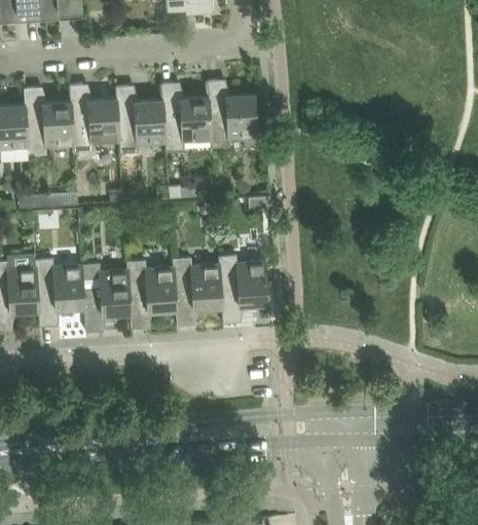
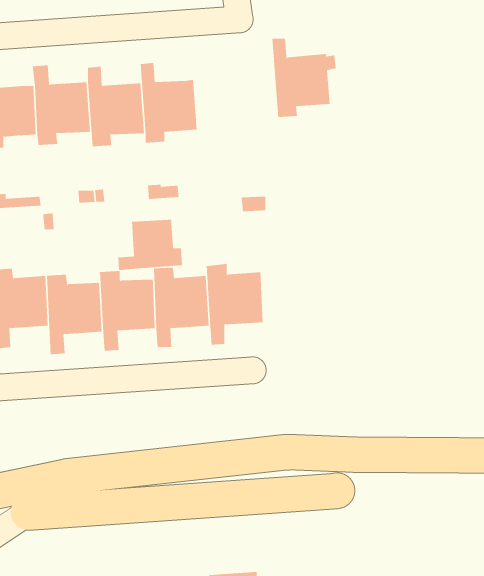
building: [207,80,262,148] -> [272,38,336,117]
building: none -> [118,218,183,271]

